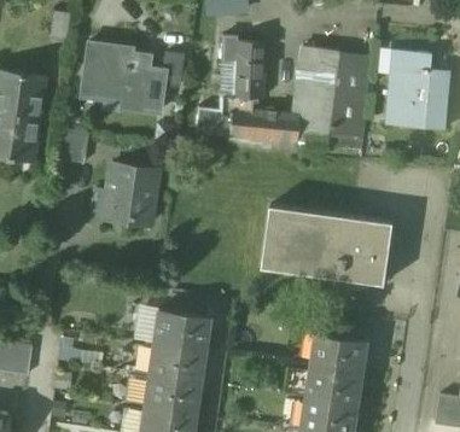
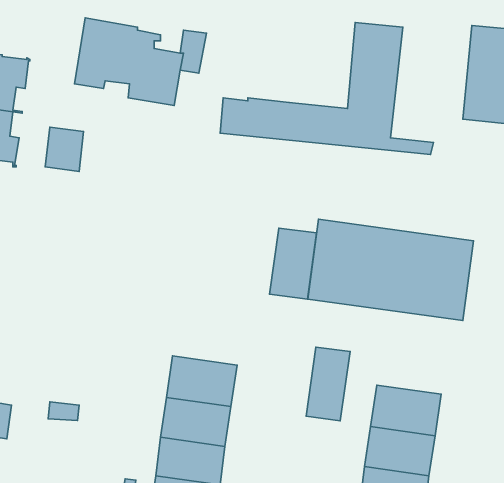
building: [216,35,263,110] -> none
building: [328,51,371,141] -> none
building: [92,164,155,227] -> none
building: none -> [270,228,317,299]
building: none -> [306,347,350,421]

